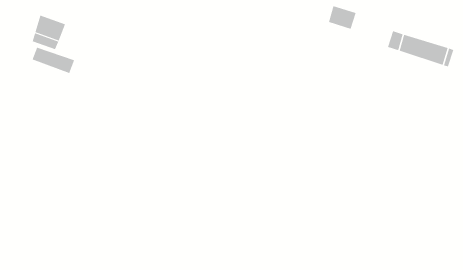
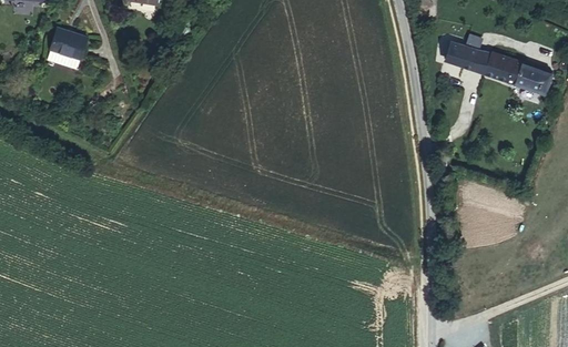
building: [328,6,357,29] -> [447,40,481,69]
building: [32,47,75,74] -> none

